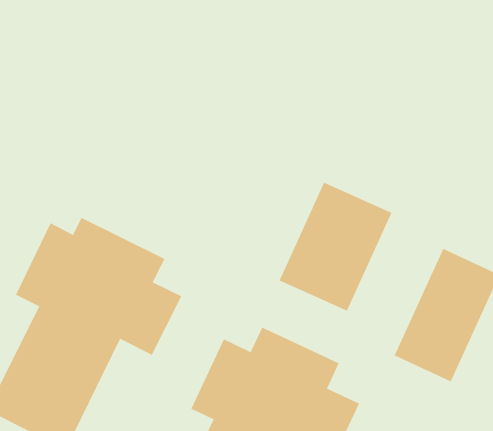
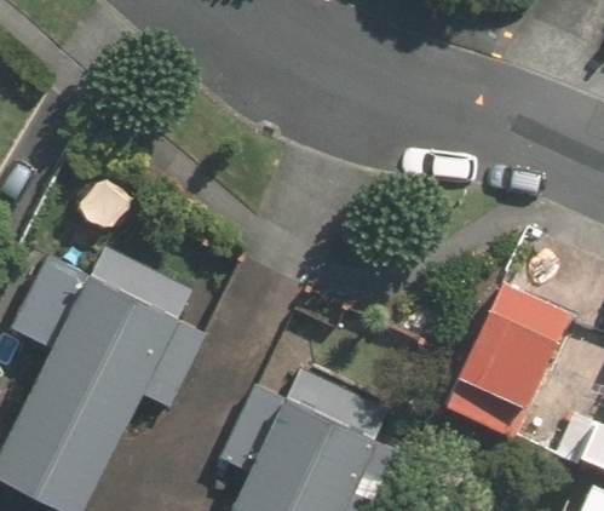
building: [279,182,392,311] -> none

